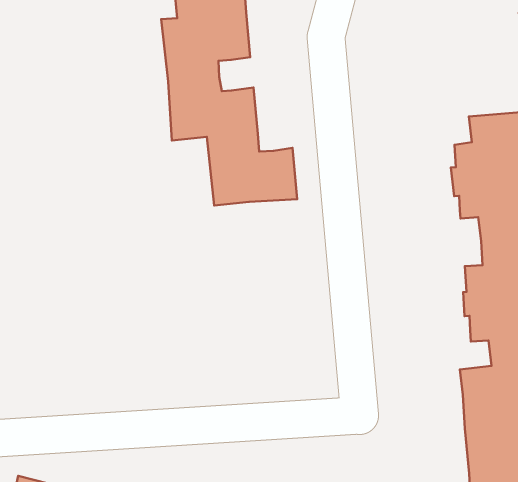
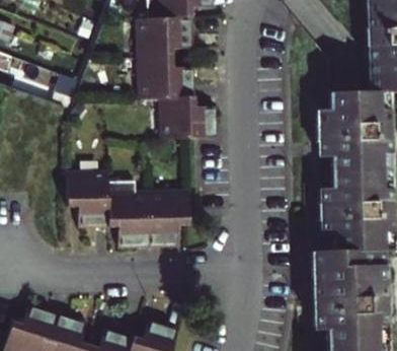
building: none -> [67,172,188,247]

